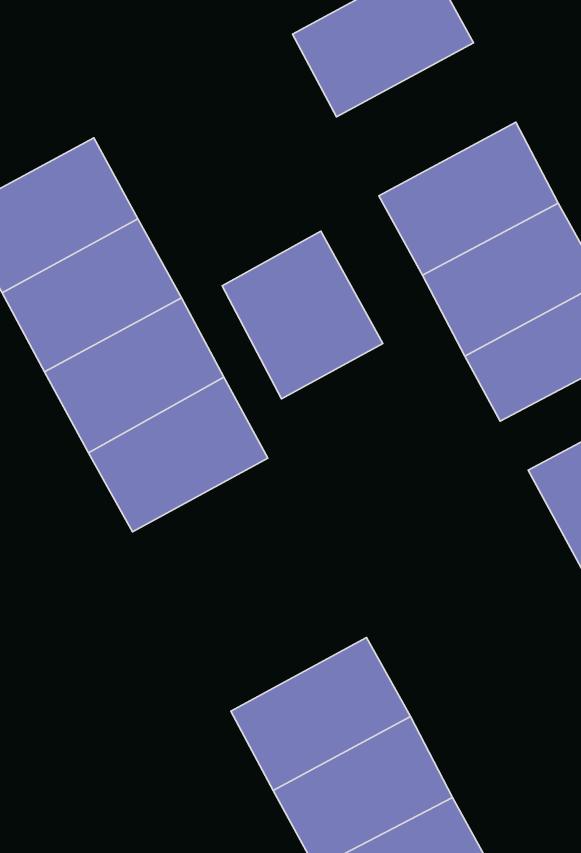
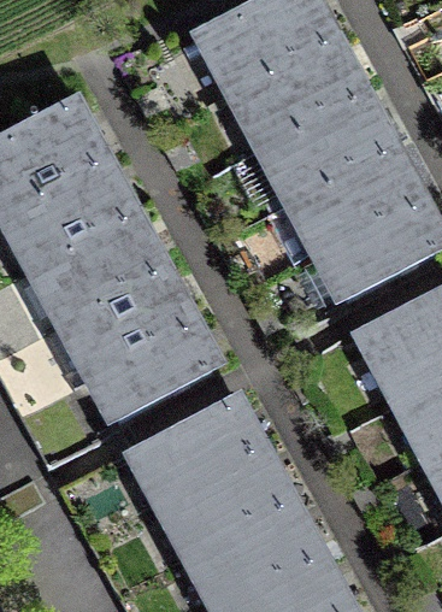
building: none -> [234,39,356,143]
building: [222,231,383,399] -> none
building: none -> [94,323,211,418]
building: none -> [136,401,254,496]

